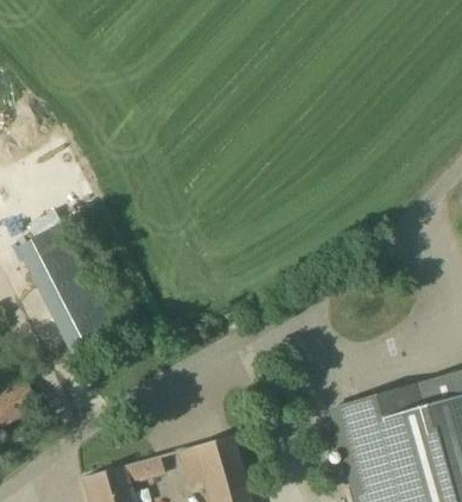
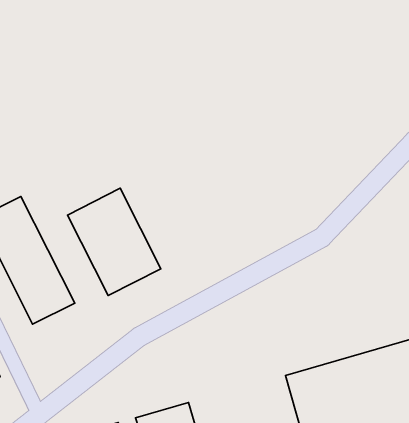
building: none -> [68,188,161,295]

